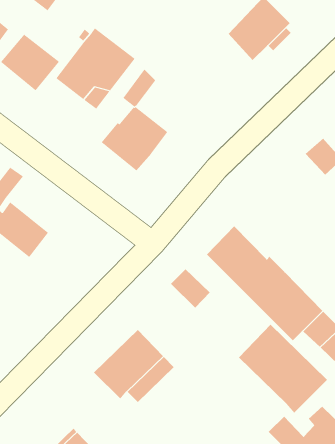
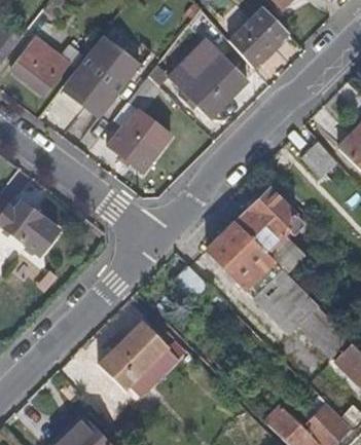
building: none -> [167,39,246,116]
building: none -> [233,189,304,256]
building: [238,324,328,413] -> none

